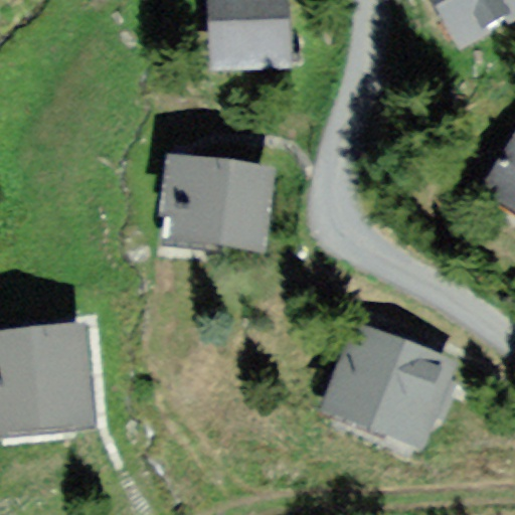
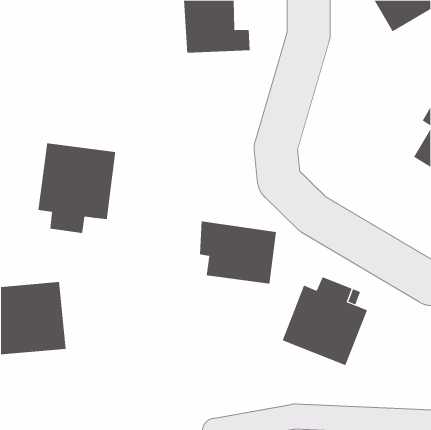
building: [170,167,263,242] -> [199,221,277,284]
building: none -> [38,142,116,234]

